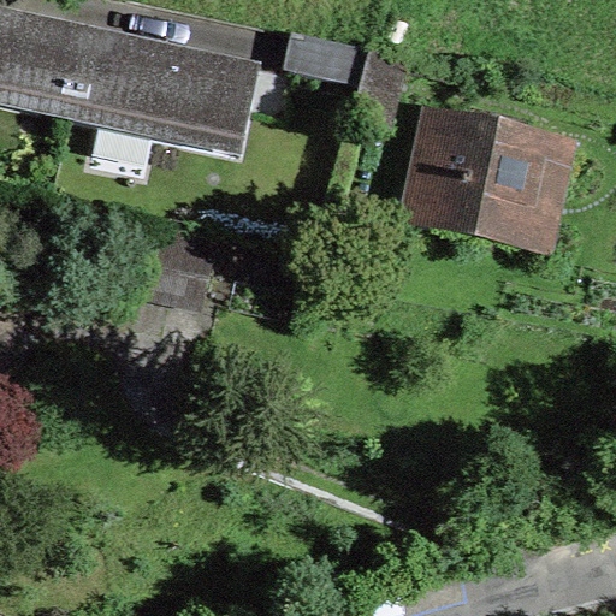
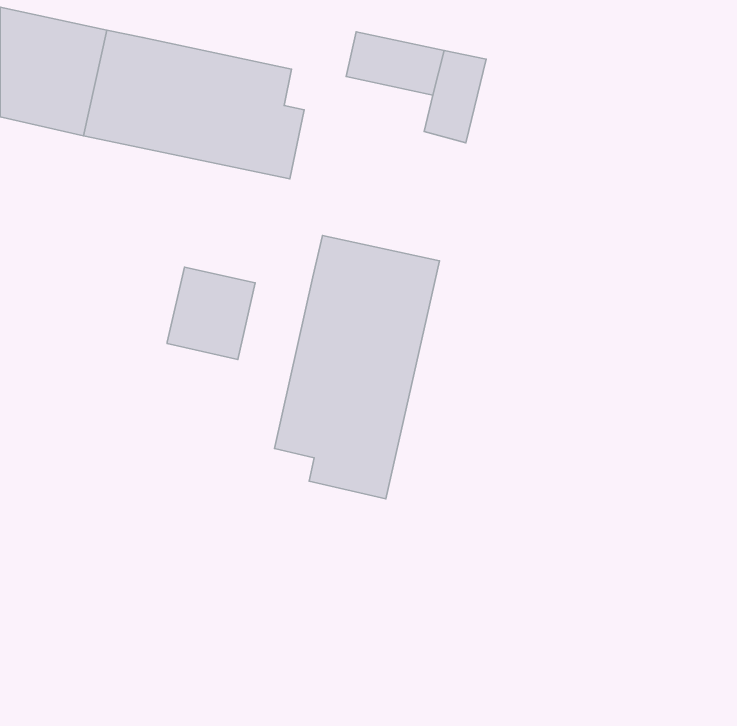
building: [409,116,573,251] -> none
building: none -> [274,235,440,499]

